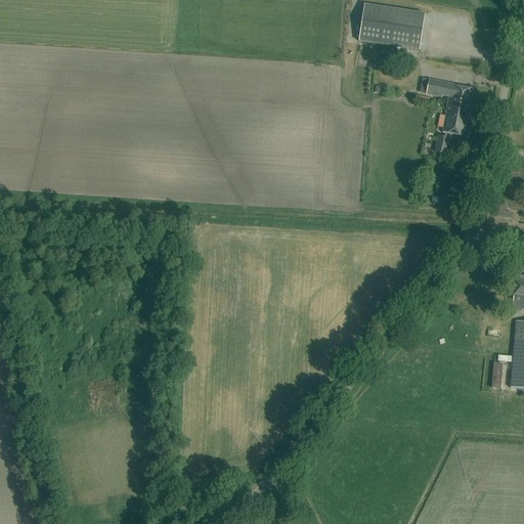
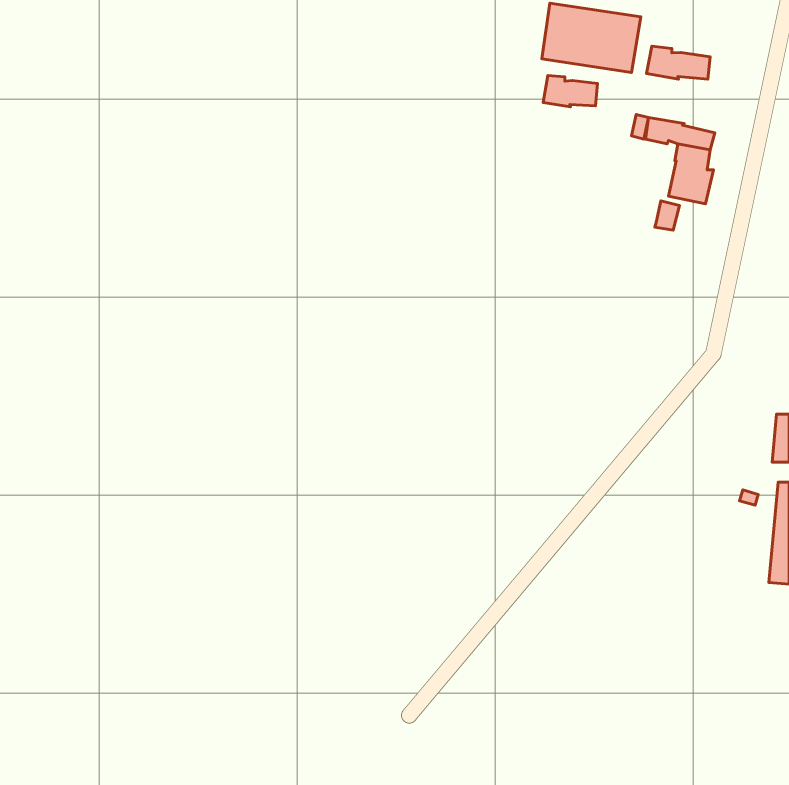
building: none -> [647,46,710,79]
building: none -> [543,75,598,107]

